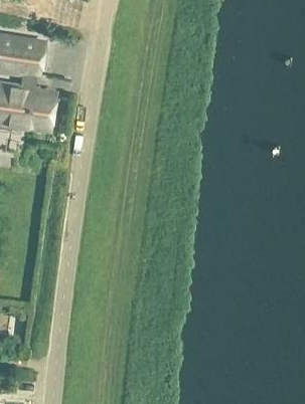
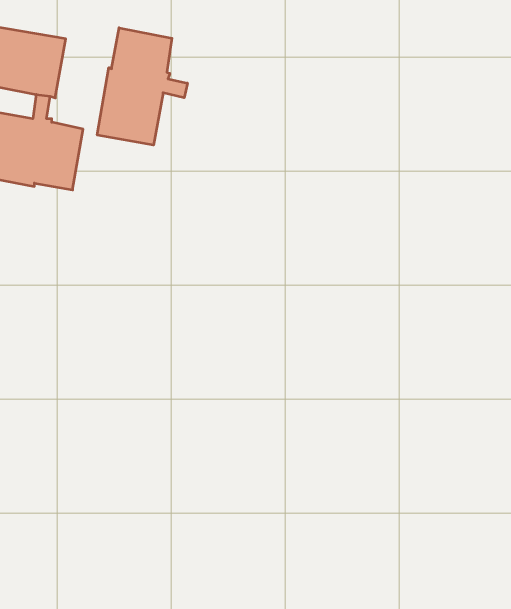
building: none -> [97,28,187,145]

